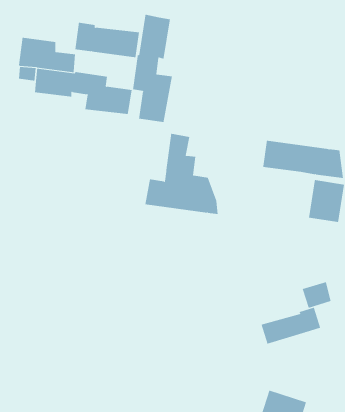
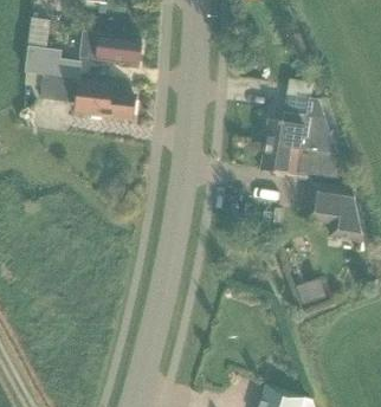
building: [132,14,172,123] -> none
building: [145,133,218,214] -> [265,75,336,153]
building: [261,307,321,345] -> none

